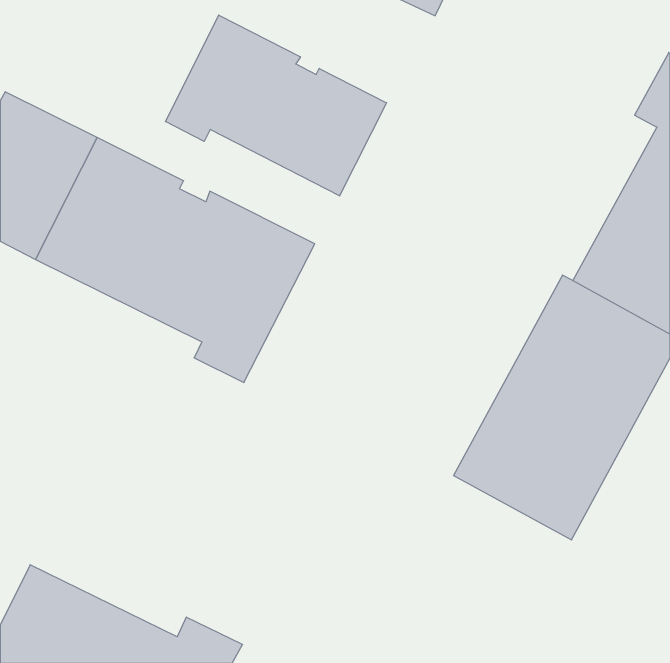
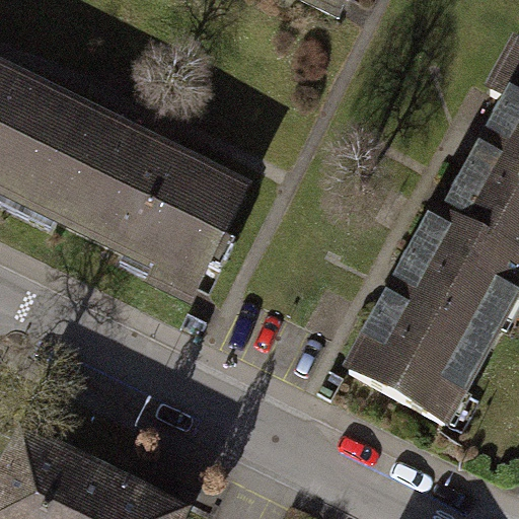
building: [165,15,387,196] -> none

